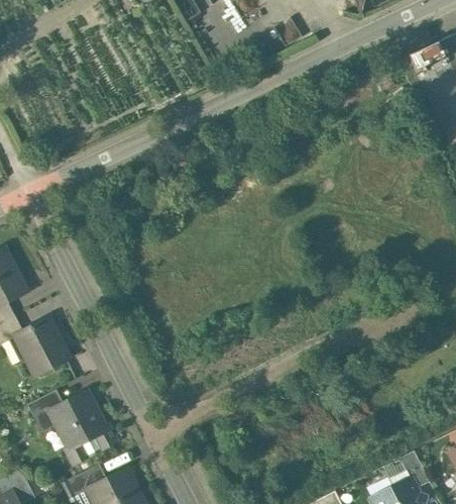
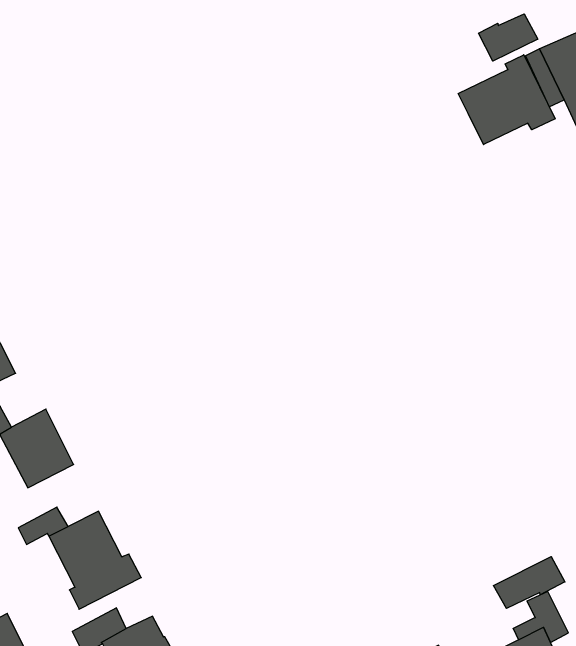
building: none -> [479,14,538,61]
building: none -> [458,55,555,145]
building: none -> [493,557,565,608]

